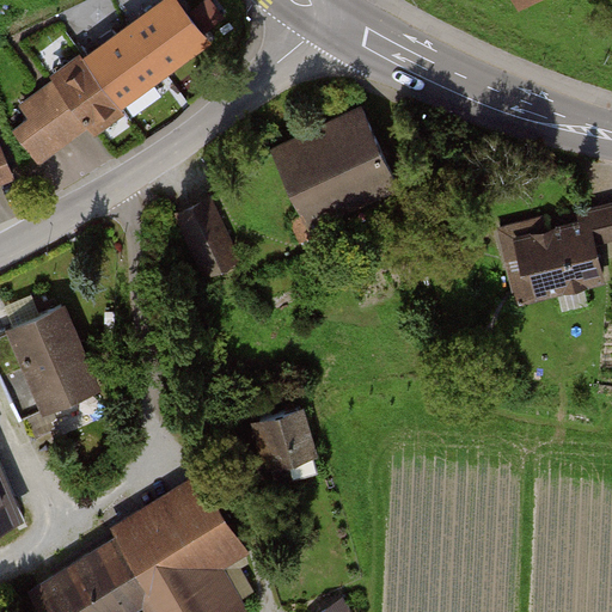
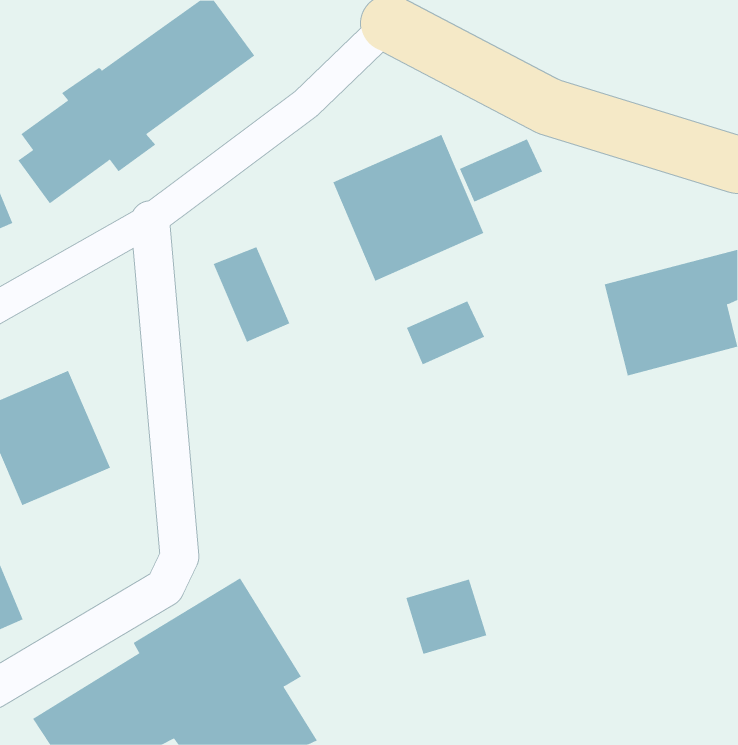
building: none -> [459,139,543,202]
building: none -> [406,301,485,365]
building: [251,408,318,470] -> [405,579,487,655]

